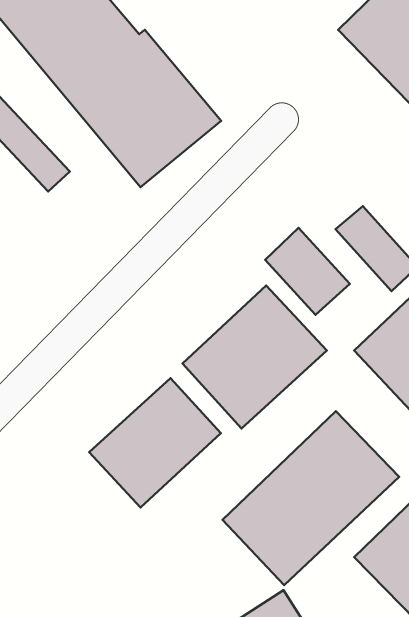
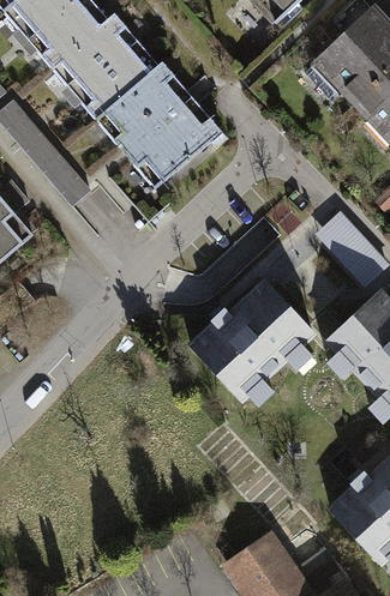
building: [265,228,350,315] -> none
building: [89,378,221,507] -> none
building: [222,411,399,585] -> none

